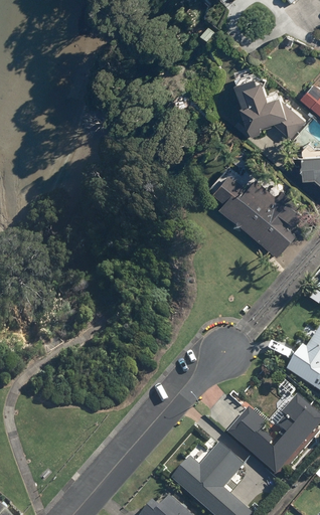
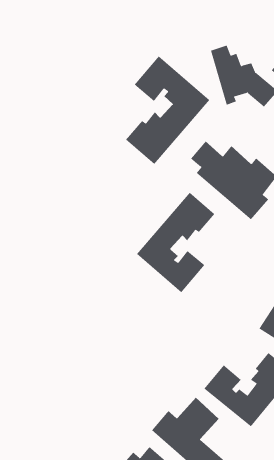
building: none -> [125,55,210,165]
building: none -> [136,192,215,293]

